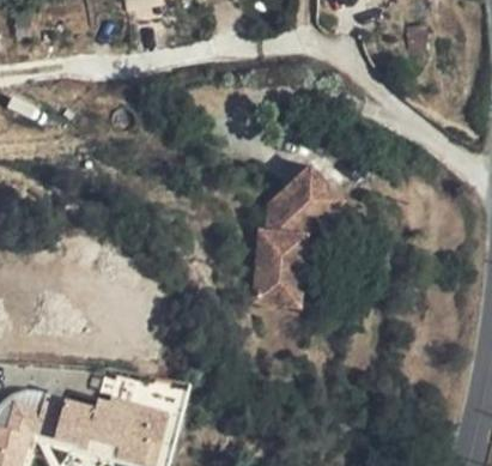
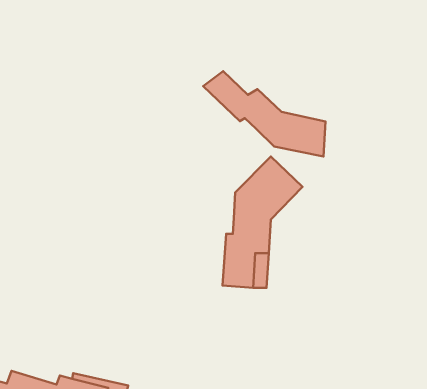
building: none -> [203,71,325,156]

